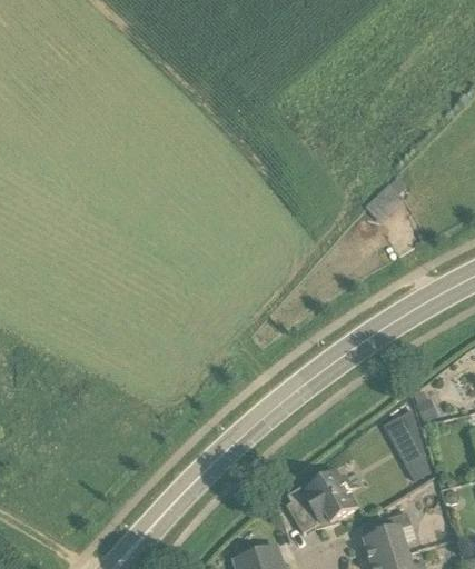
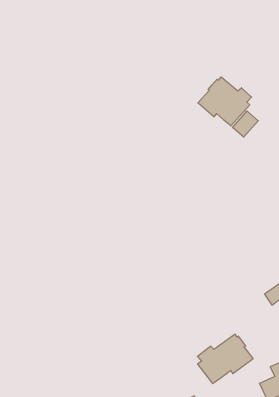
building: none -> [198,77,252,126]

